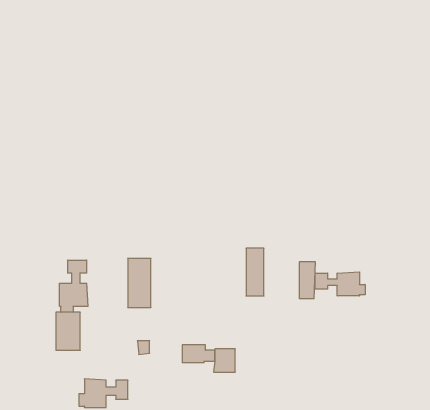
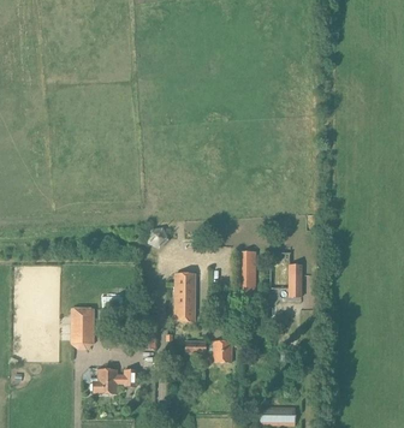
building: [128,258,151,307] -> [176,274,196,317]
building: [60,260,88,312] -> none
building: [315,272,365,296] -> none

